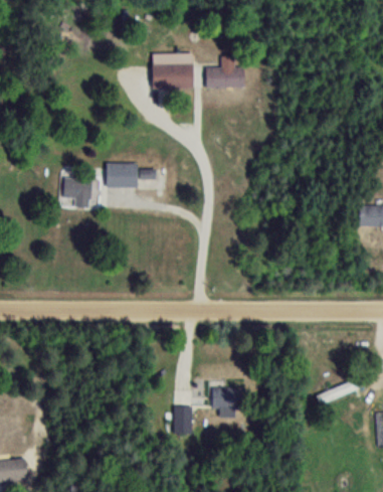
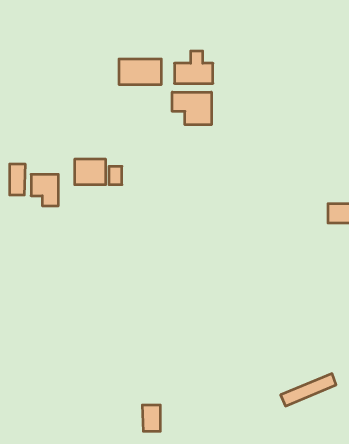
building: none -> [172,92,211,125]
building: none -> [10,164,25,195]
building: [212,388,245,408] -> none

